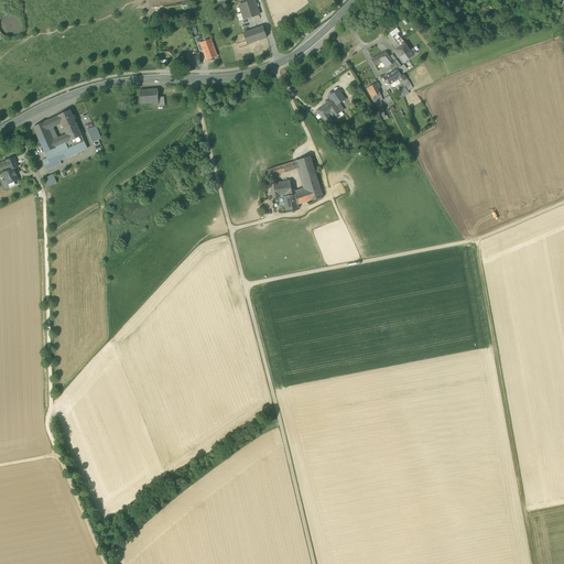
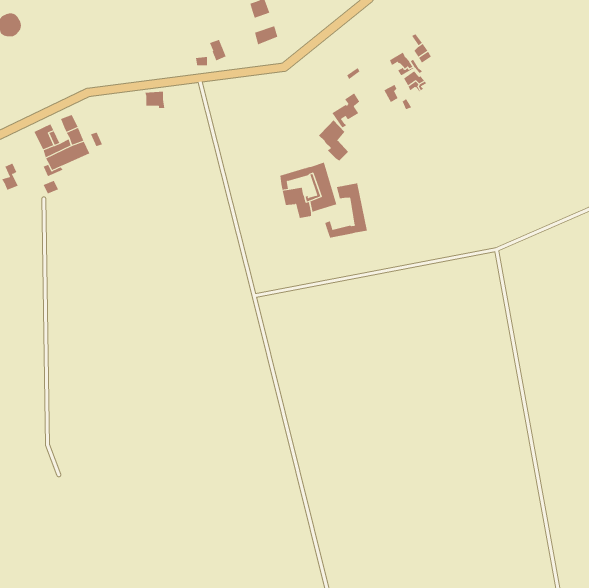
building: none -> [318,119,349,162]
building: none -> [325,182,368,239]

